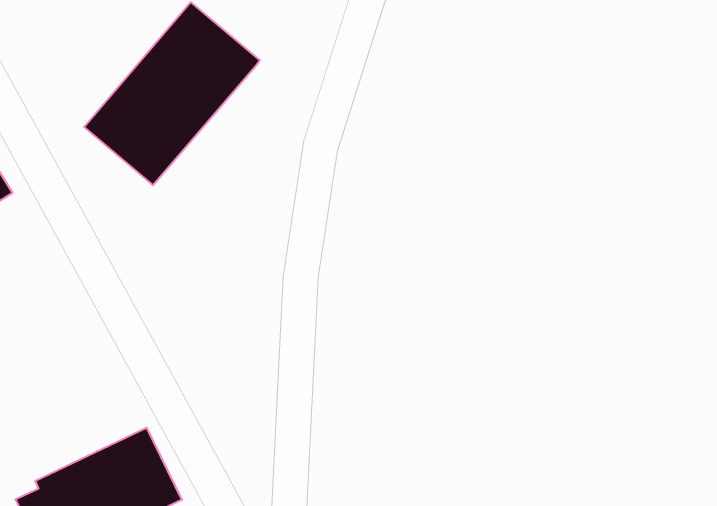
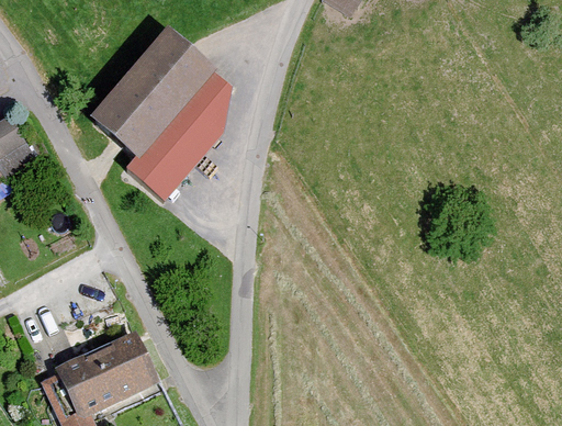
building: none -> [127,69,231,200]

